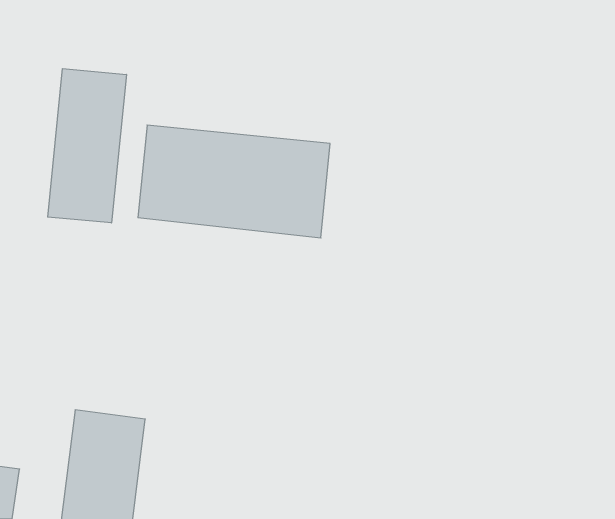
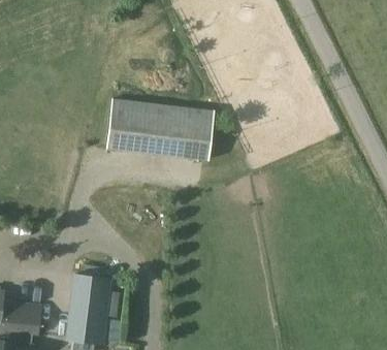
building: [48,69,126,223] -> none

